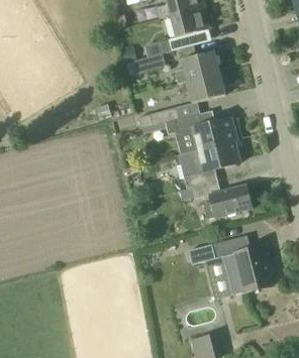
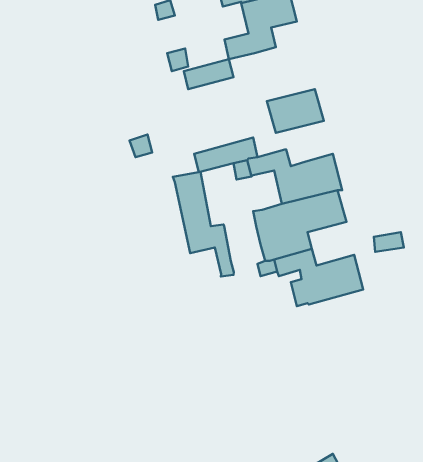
building: [174,45,219,83] -> none
building: none -> [173,172,234,277]
building: [187,235,272,295] -> none

